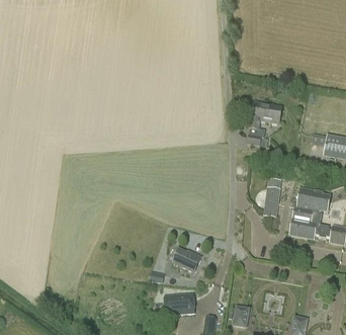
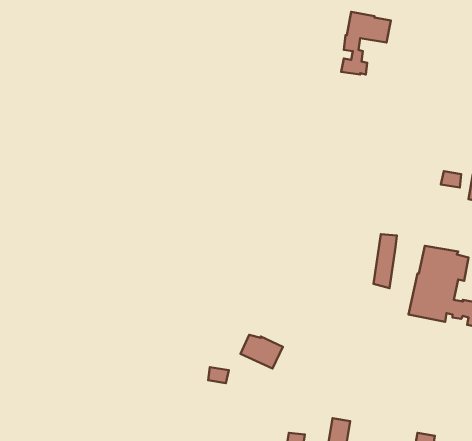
building: [247,101,281,145] -> [341,12,391,75]
building: [164,292,193,313] -> none

